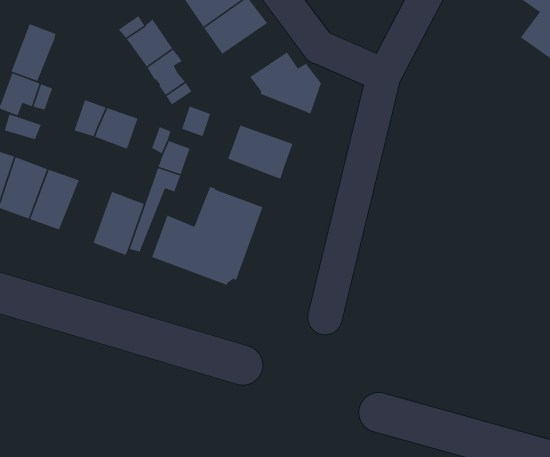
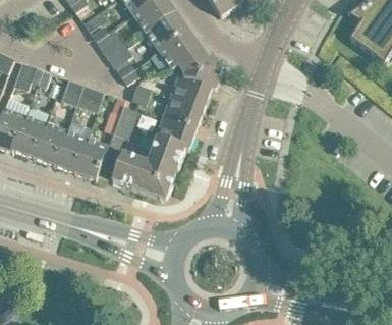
building: none -> [158,30,200,67]
building: [11,23,57,82] -> none
building: none -> [169,73,211,107]
building: none -> [154,117,195,150]
building: none -> [53,130,87,171]

